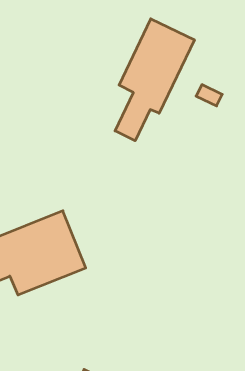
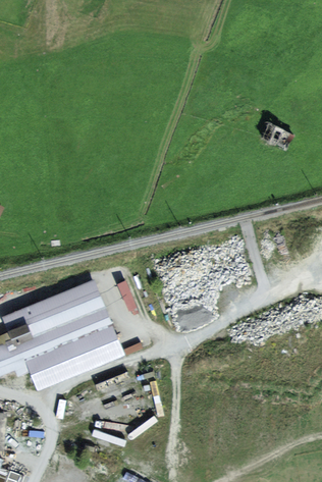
building: [115,19,194,141] -> none

